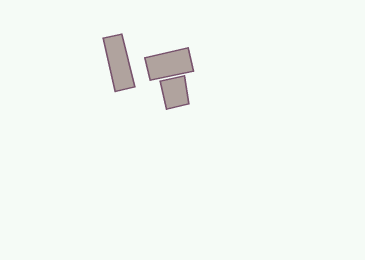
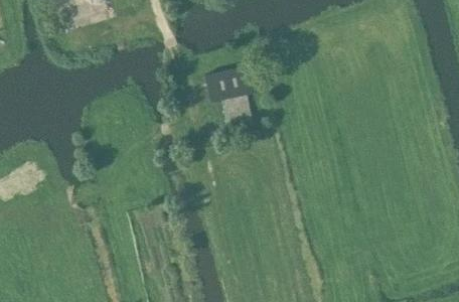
building: [103,34,135,91] -> none

